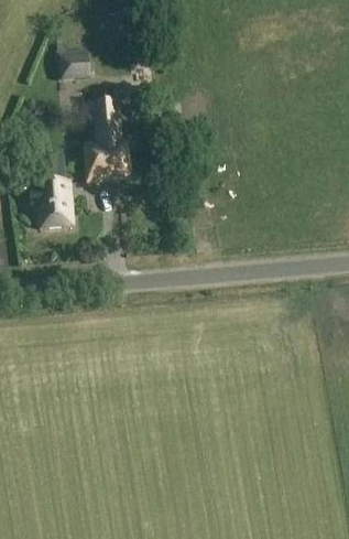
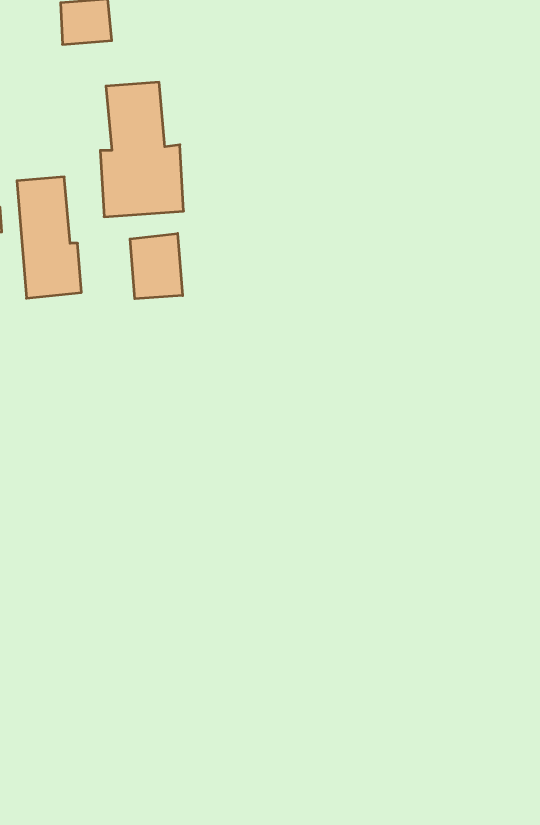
building: none -> [130,233,183,299]

